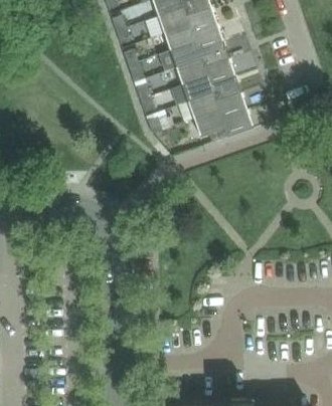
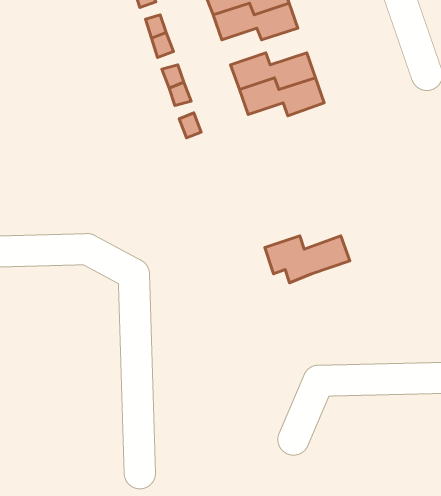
building: [175,59,233,84] -> none
building: [193,111,252,143] -> [265,236,350,283]

